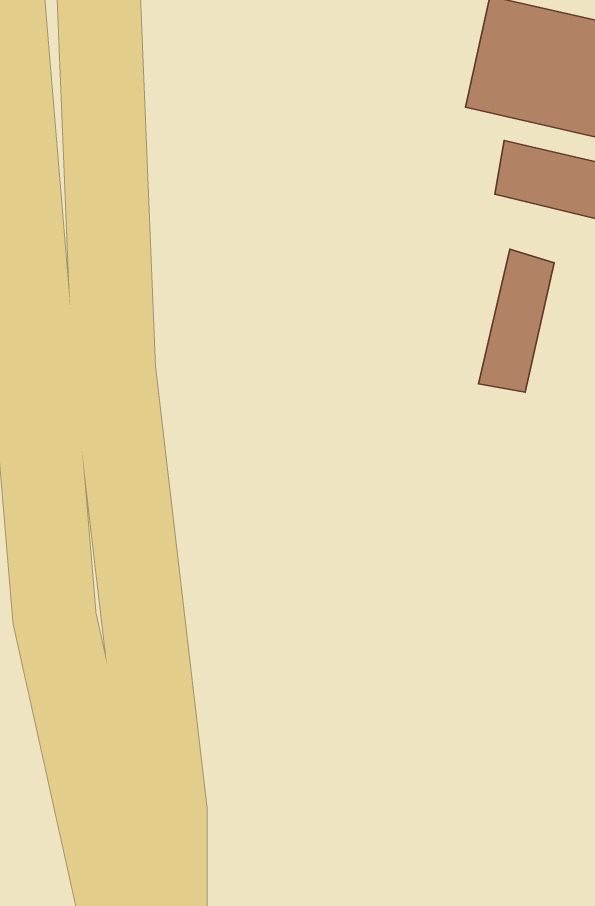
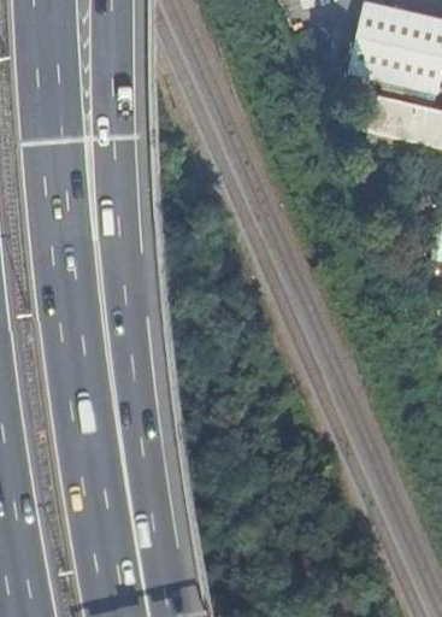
building: [479,249,554,392] -> none

